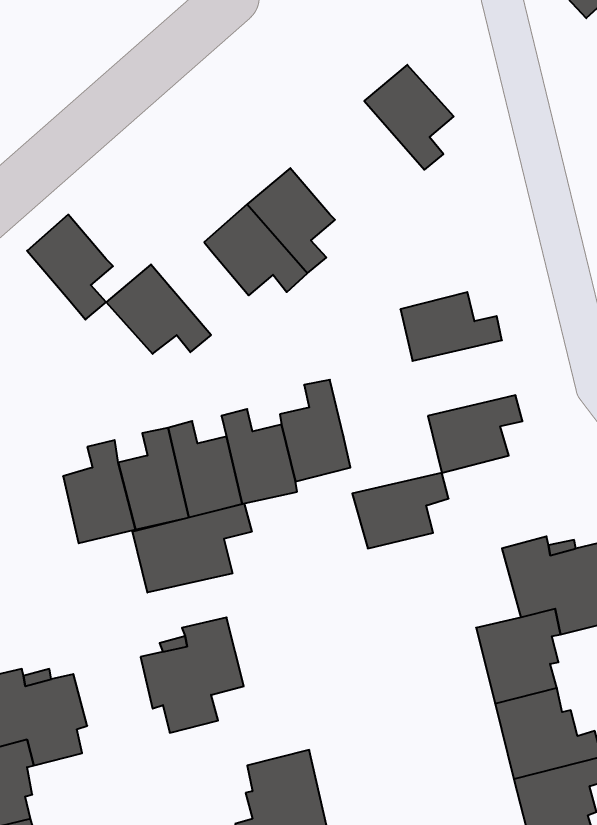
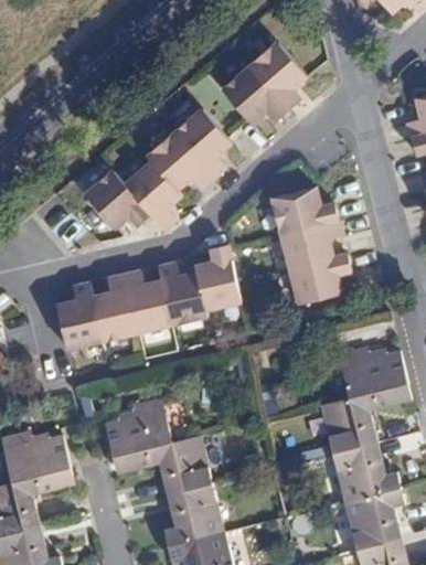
building: none -> [221,66,287,124]
building: [27,215,113,320] -> [124,162,179,230]
building: [352,473,449,548] -> [279,220,341,268]
building: [132,504,252,593] -> none
building: none -> [150,434,213,492]

